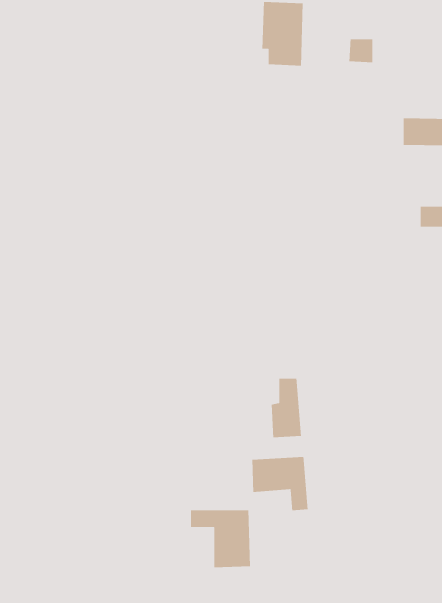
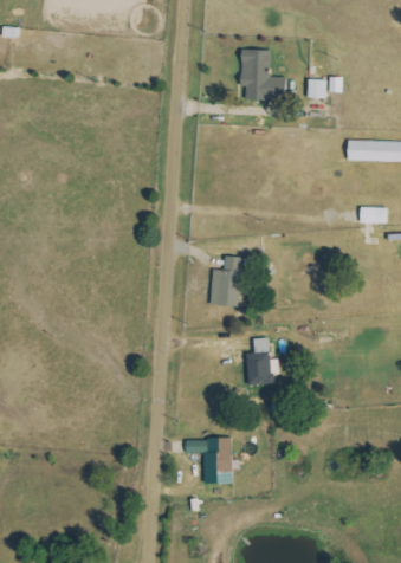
building: none -> [211,257,241,305]
building: [251,456,309,511] -> none

